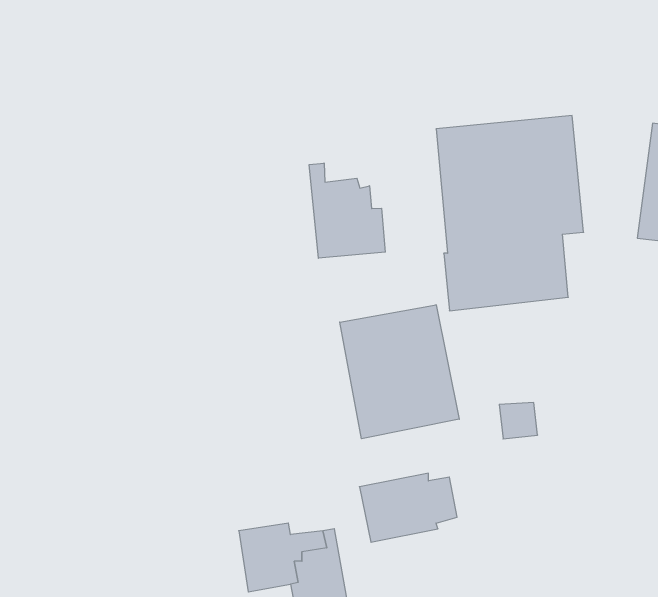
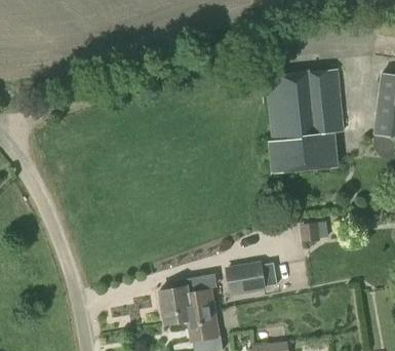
building: [309,163,385,258] -> none
building: [340,305,459,439] -> none

